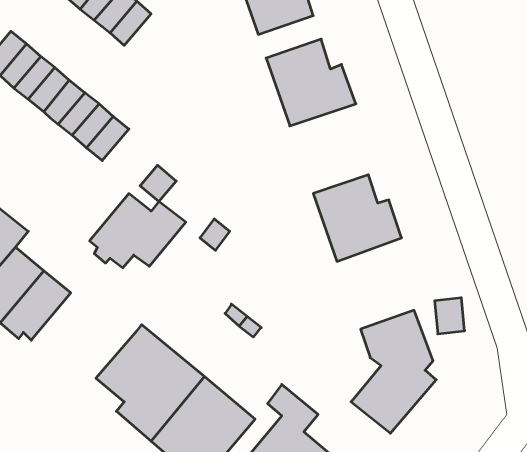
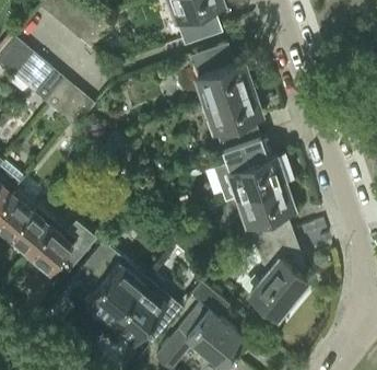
building: none -> [205,90,260,152]
building: [90,194,186,268] -> [26,221,93,273]
building: none -> [238,183,293,246]

